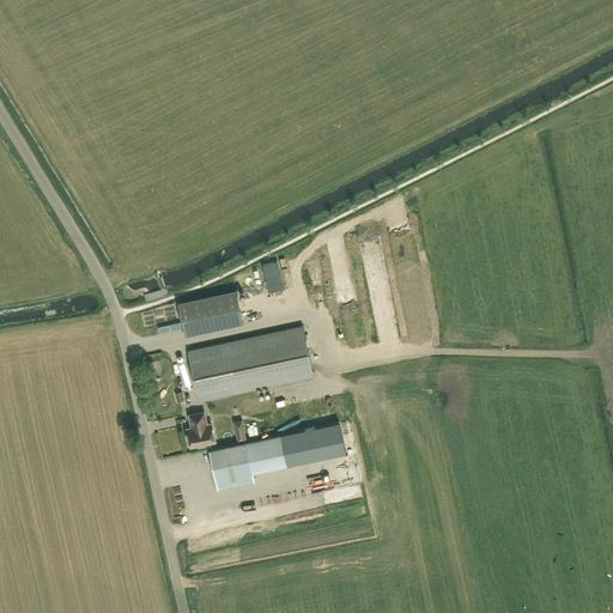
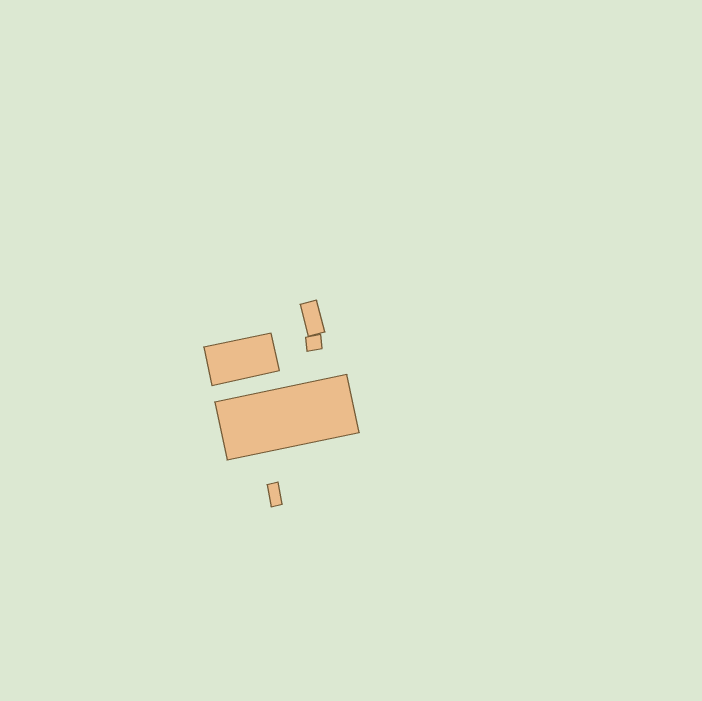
building: [186,414,214,448] -> none
building: [208,424,345,492] -> none

